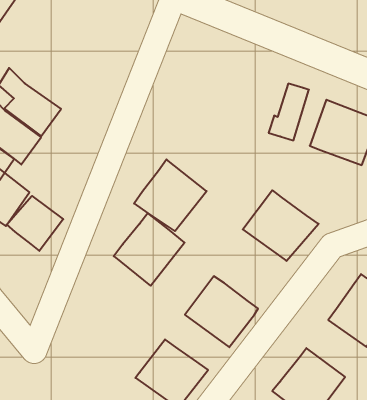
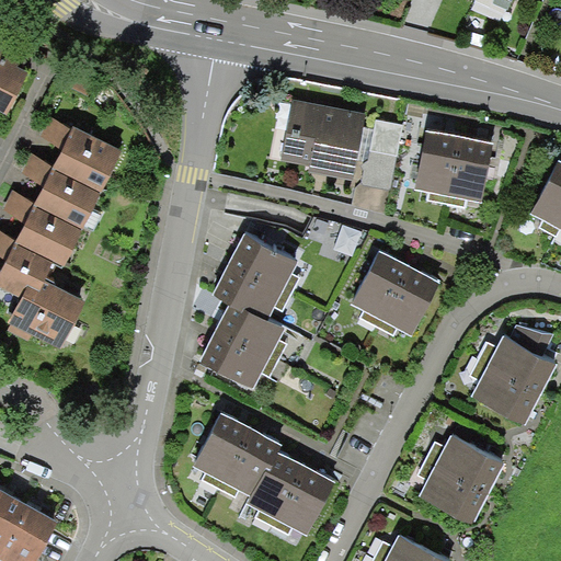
building: none -> [44,114,125,191]
building: none -> [279,98,366,180]
building: [7,196,63,251] -> none
building: [185,276,258,347] -> [193,414,280,497]

